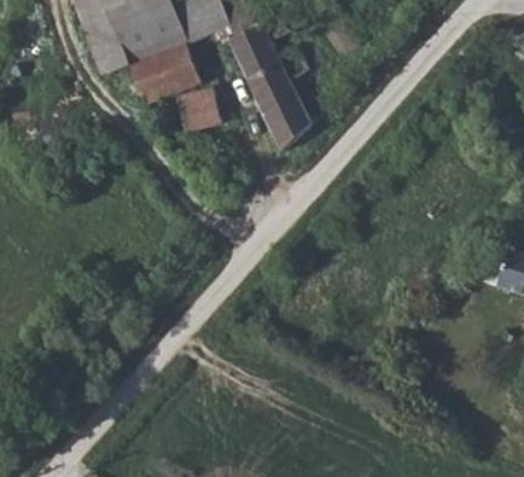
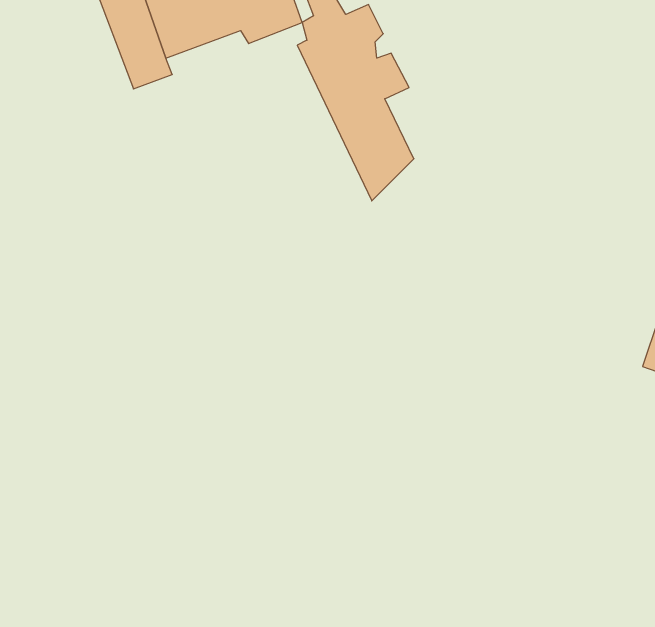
building: [133,41,199,99] -> none
building: [179,89,221,134] -> none

